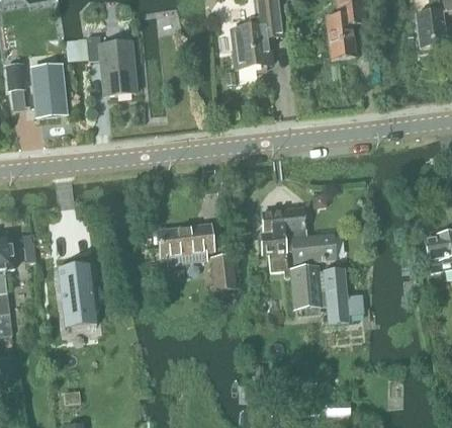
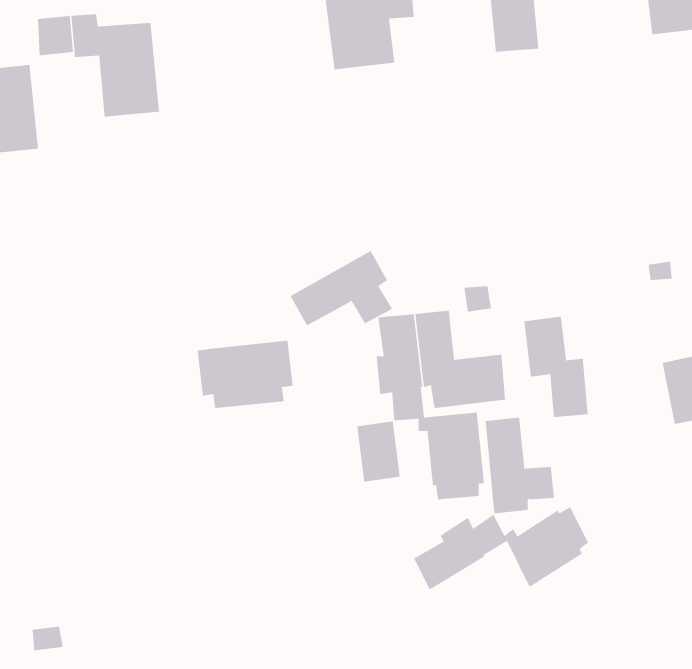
building: none -> [290,250,393,326]
building: none -> [524,316,588,418]
building: [211,254,237,289] -> [357,421,400,482]
building: [57,261,96,325] -> none
building: none -> [414,506,589,590]

